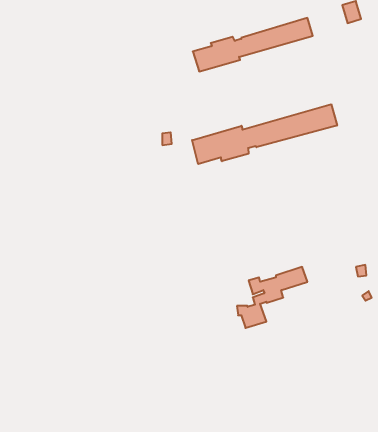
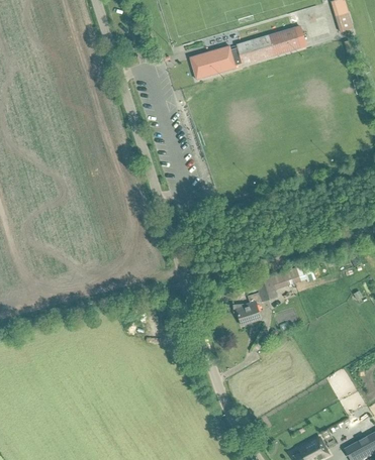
building: [192,104,337,164] -> none

